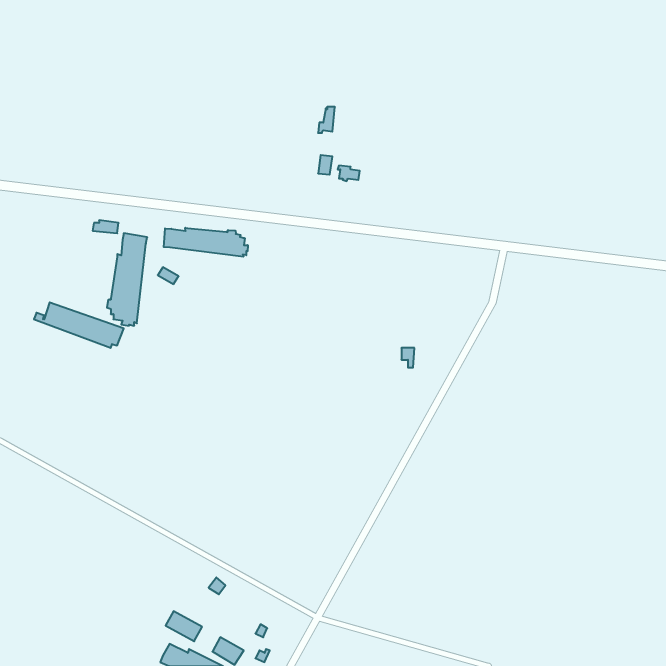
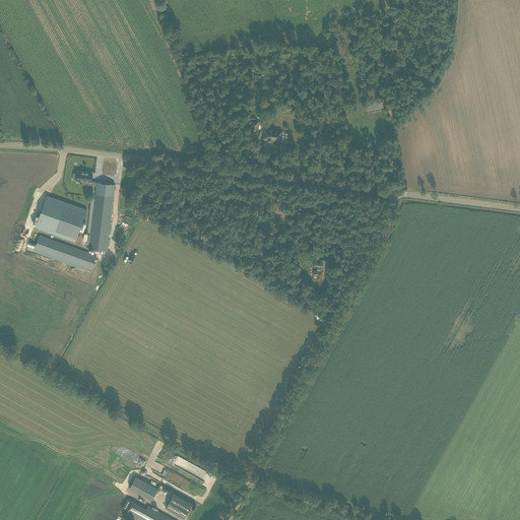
building: [164,228,248,257] -> none
building: none -> [35,195,86,242]

